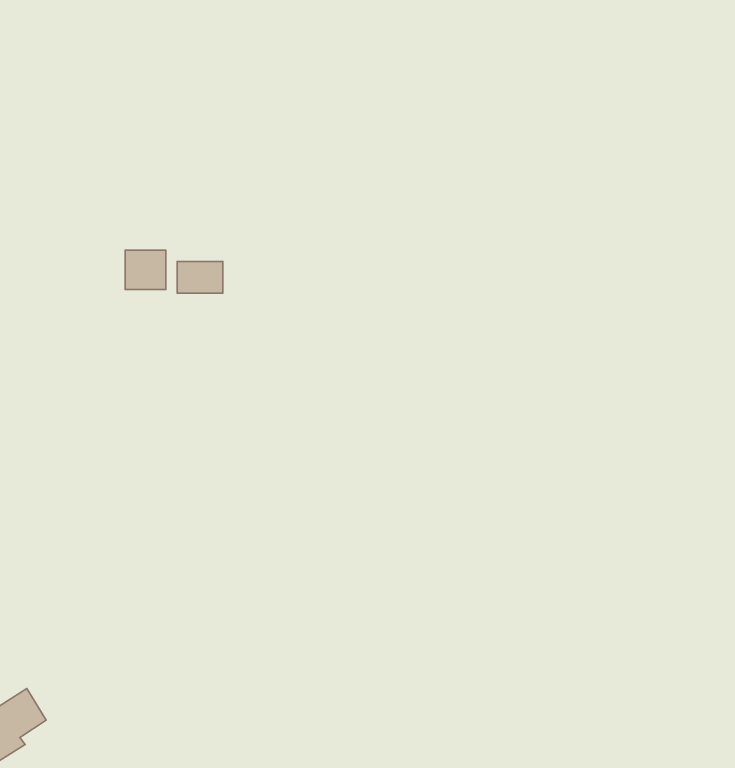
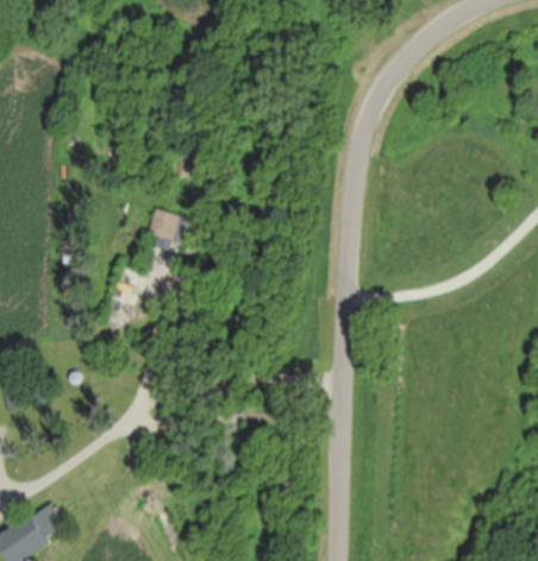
building: [125,250,166,289] -> none

